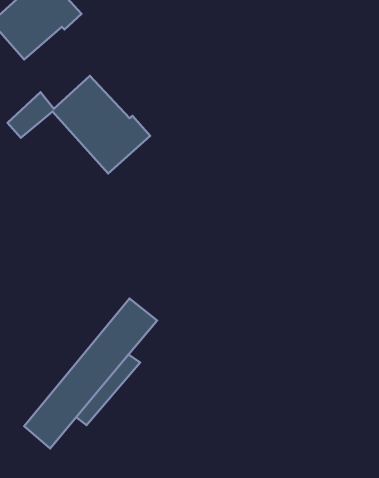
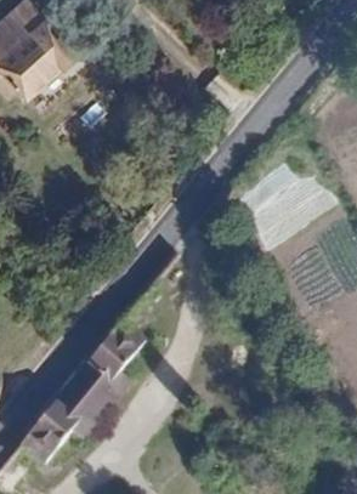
building: [7,76,150,174] -> none

